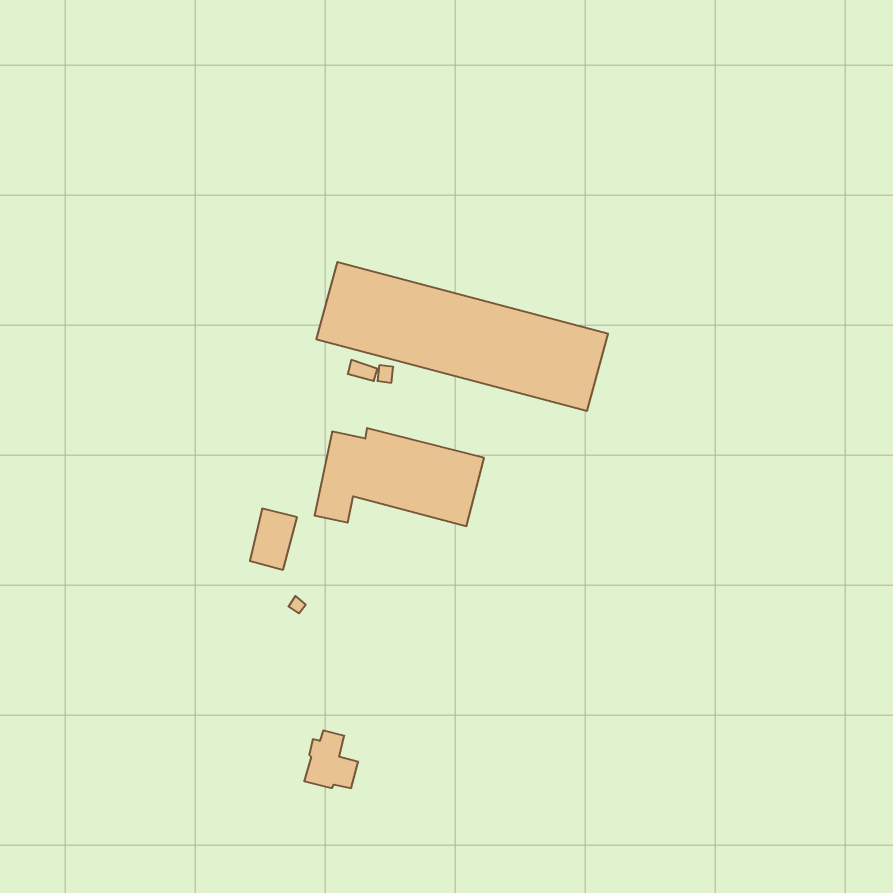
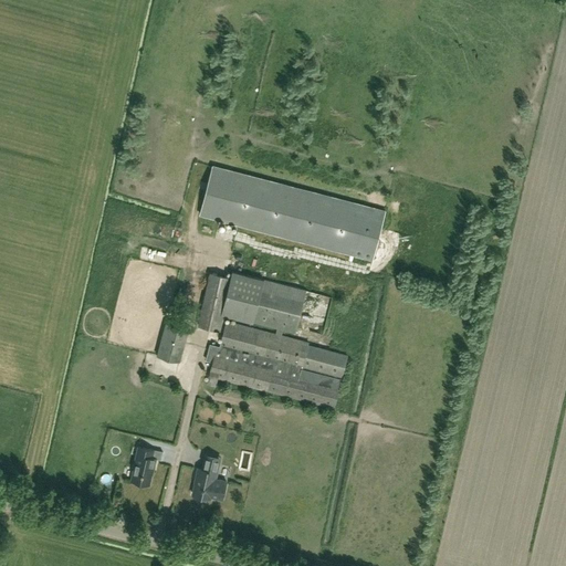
building: none -> [207,321,347,408]
building: none -> [132,447,163,484]

